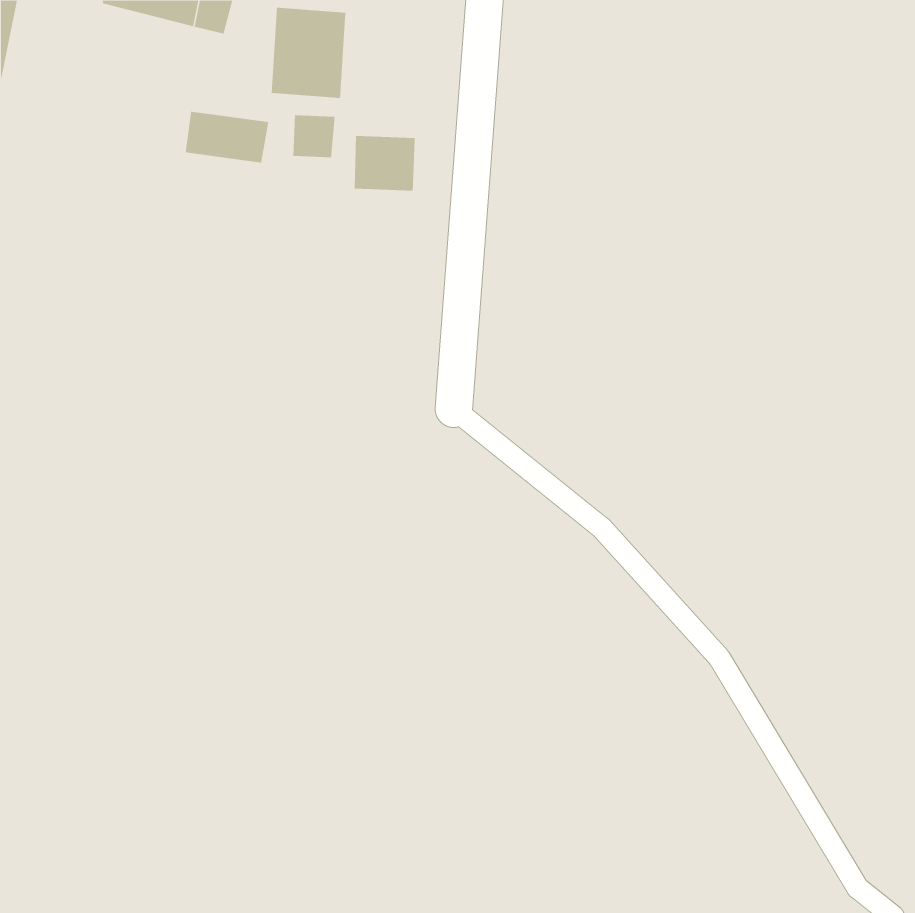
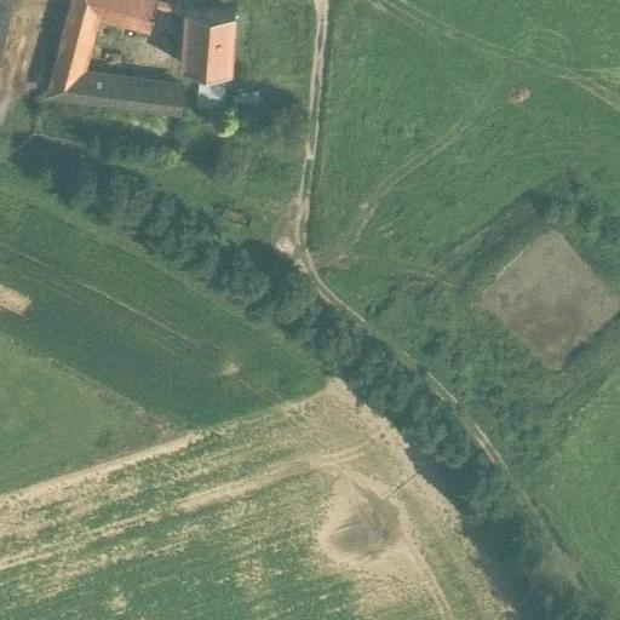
building: none -> [48,23,130,105]
building: [354,135,416,192] -> none

